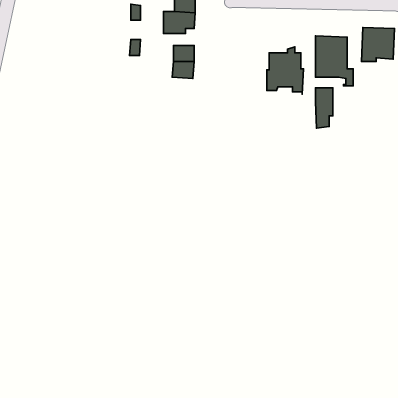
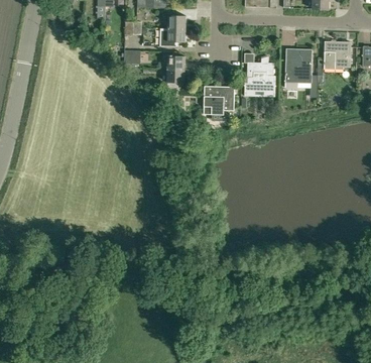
building: none -> [204,87,234,115]
building: [316,88,333,128] -> none

